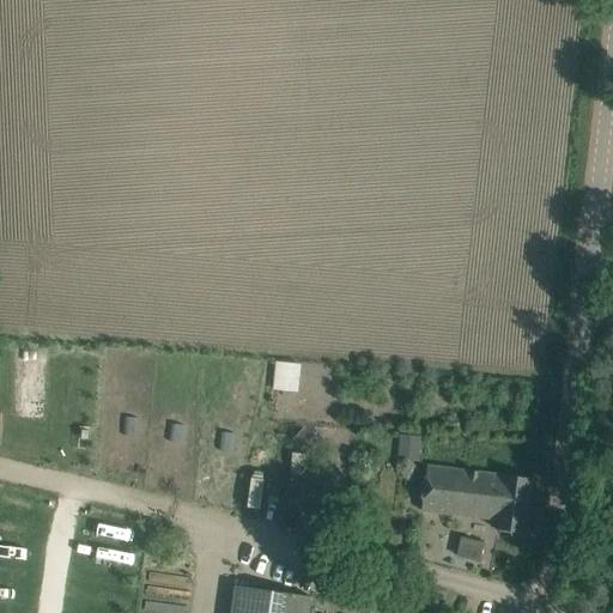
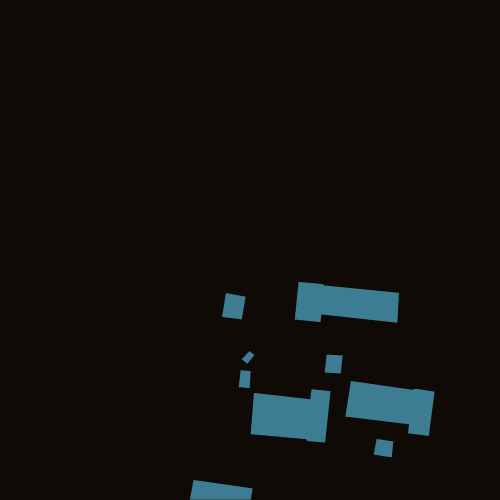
building: none -> [294,281,400,324]
building: none -> [250,388,331,443]

